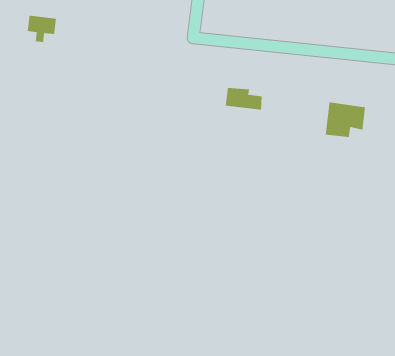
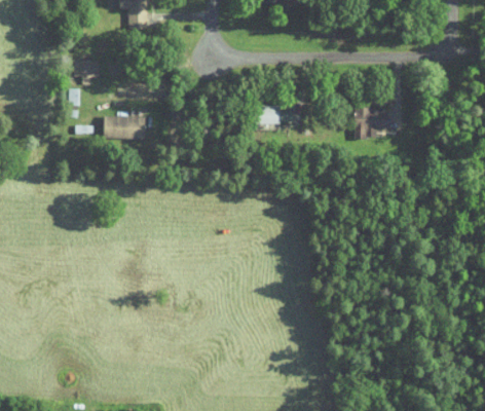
building: none -> [105,116,146,139]

